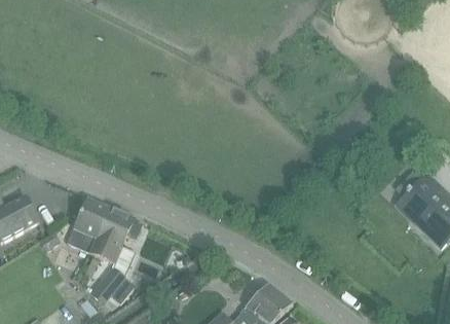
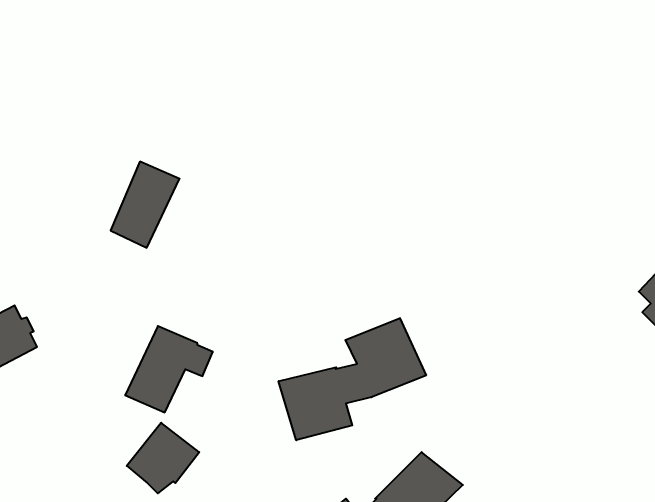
building: [69,200,110,251] -> [111,162,180,248]
building: none -> [279,318,426,440]

